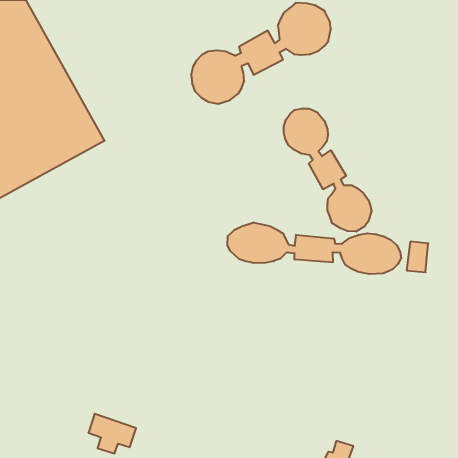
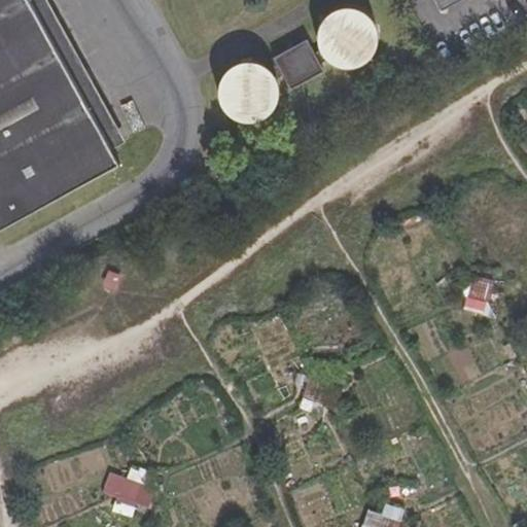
building: [284,108,371,232] -> none
building: [228,222,401,274] -> none

